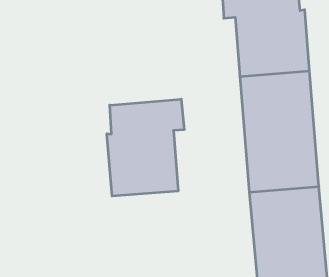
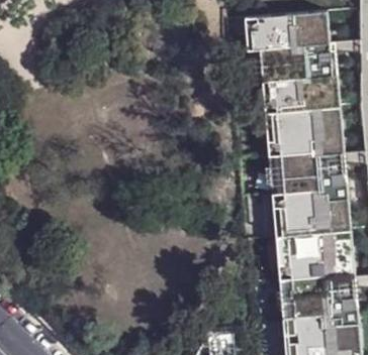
building: [107,99,184,196] -> none

